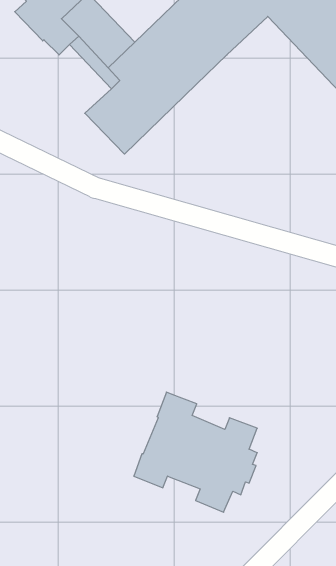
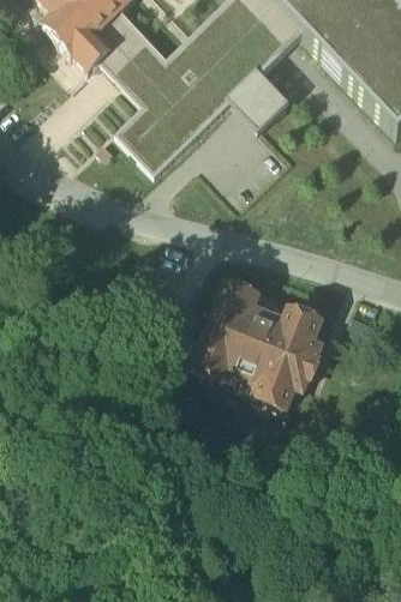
building: none -> [232,68,291,127]
building: [134,392,257,512] -> [192,285,319,409]

